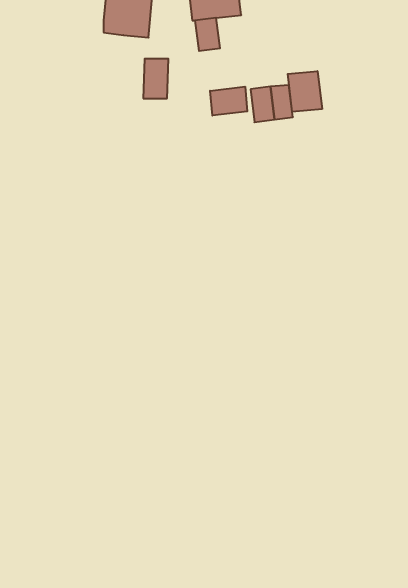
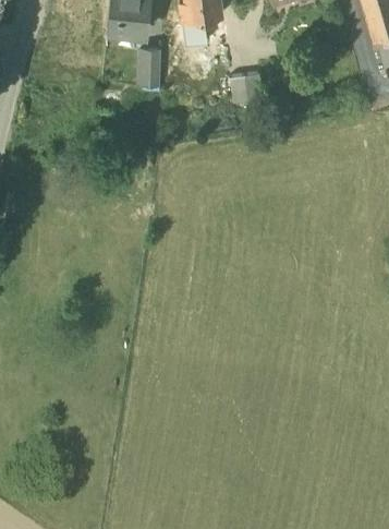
building: [288,71,322,112] -> none
building: [210,87,247,116] -> none

